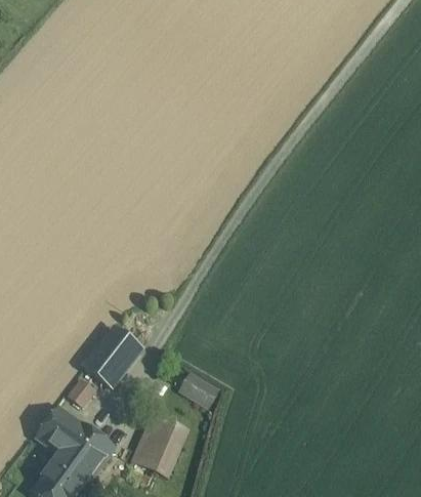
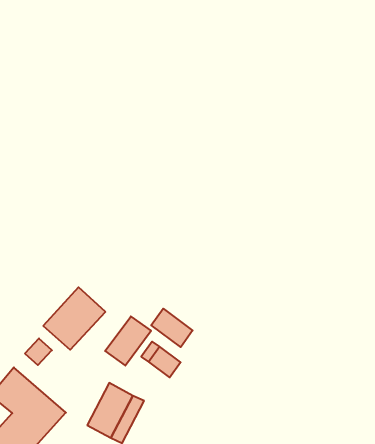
building: none -> [151,309,193,347]
building: none -> [105,316,151,366]

